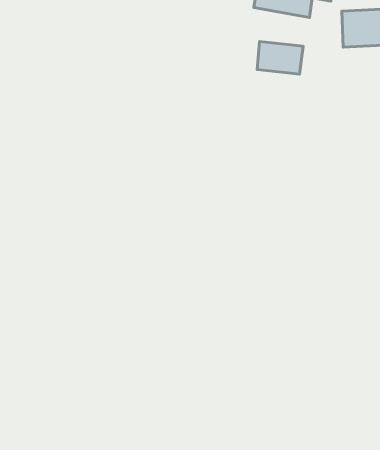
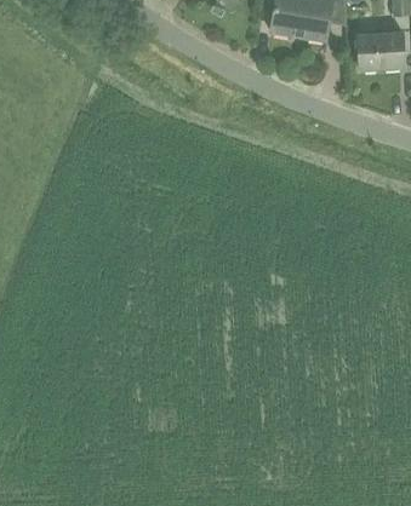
building: [257,41,303,74] -> none

